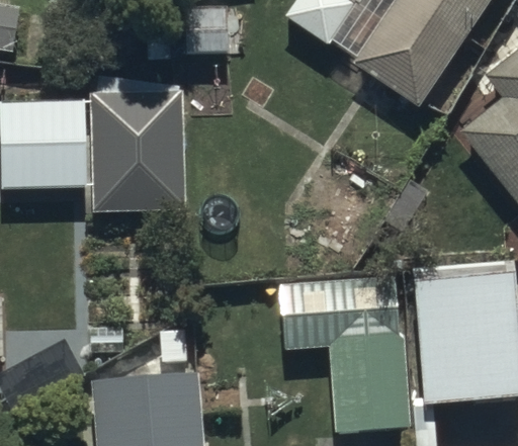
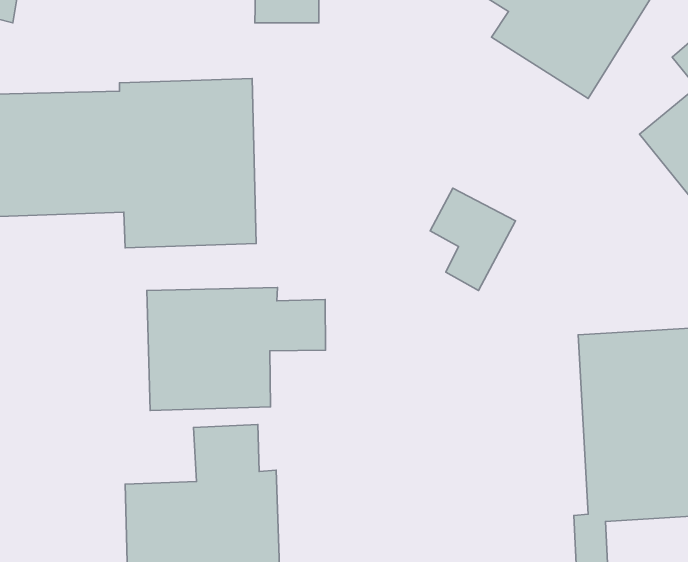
building: none -> [147,287,326,411]
building: [279,280,407,429] -> none

